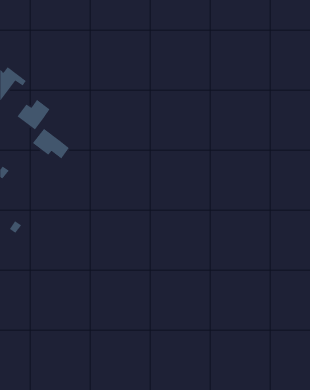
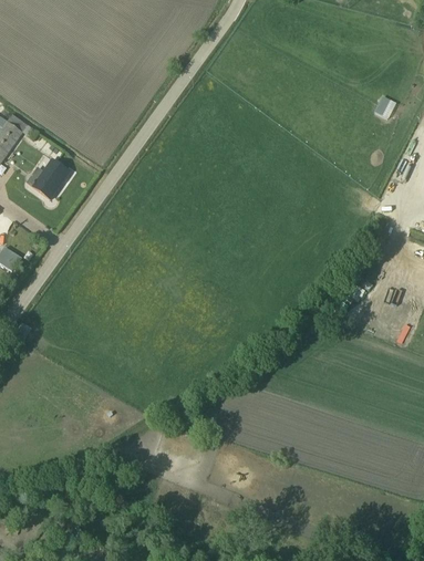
building: [32,128,70,160] -> none

